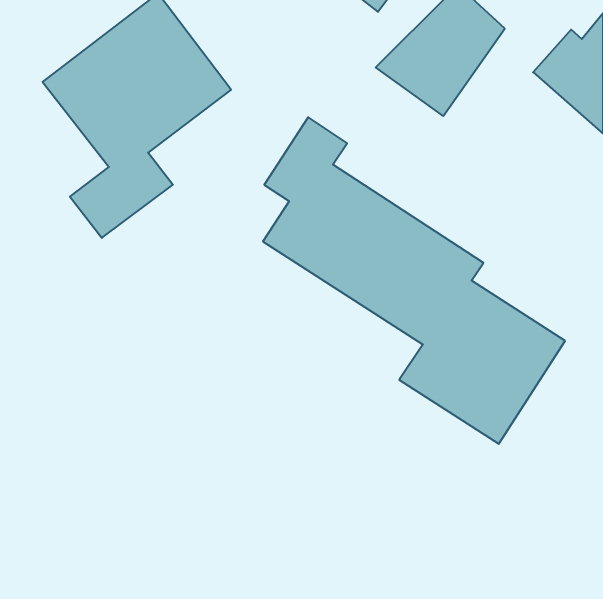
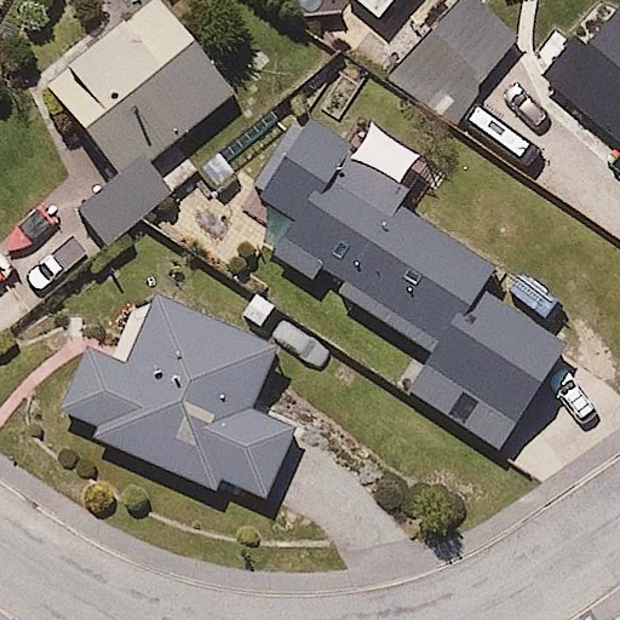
building: none -> [58,292,303,496]

